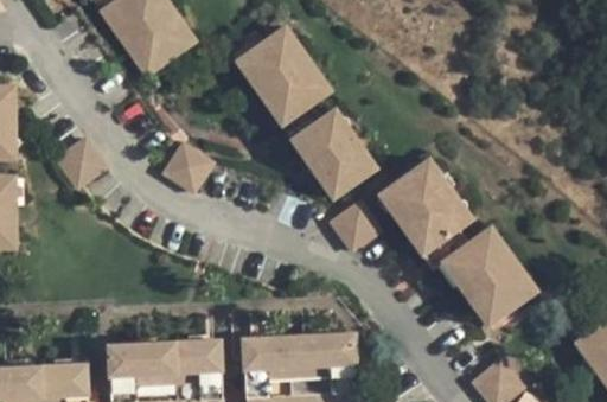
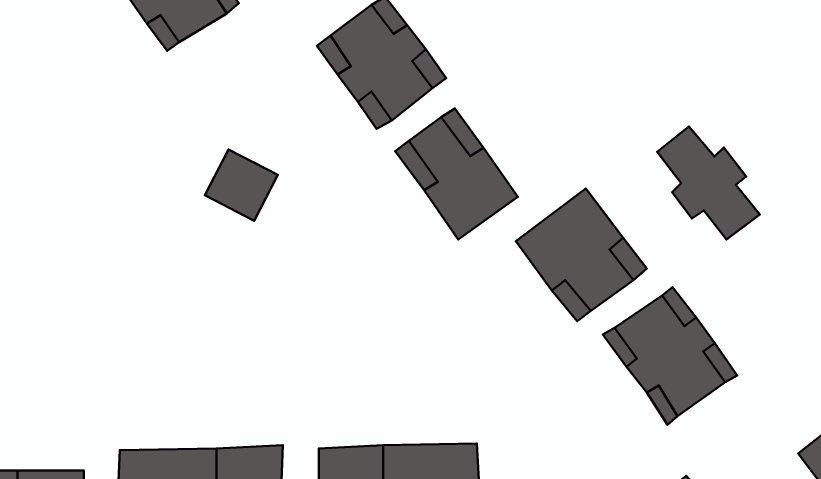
building: none -> [657,126,760,239]
building: [57,132,106,180] -> none
building: [324,205,375,257] -> none

